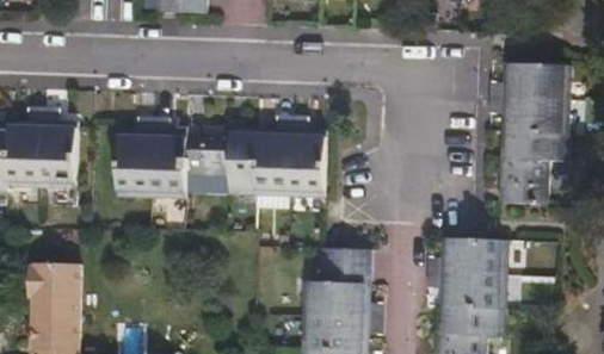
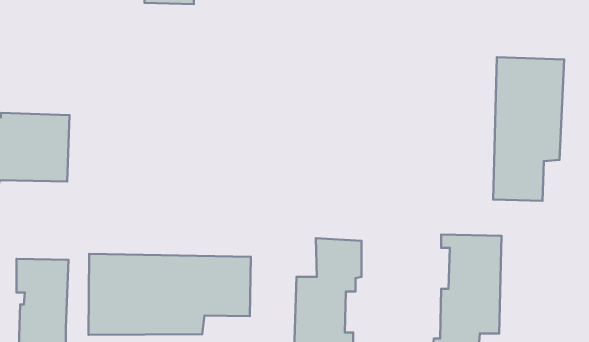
building: [119,125,327,195] -> none
building: none -> [89,254,251,335]

